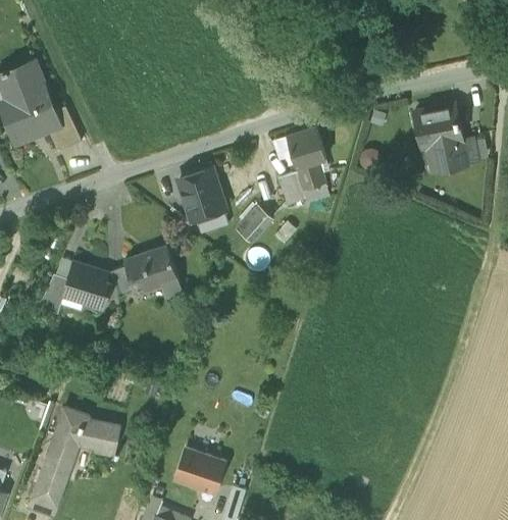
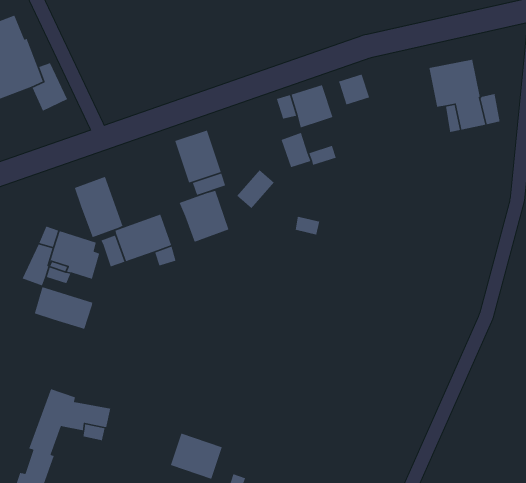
building: [295,160,324,190] -> [338,74,370,106]
building: none -> [74,176,124,238]
building: none -> [179,190,230,243]
building: none -> [34,286,93,330]

